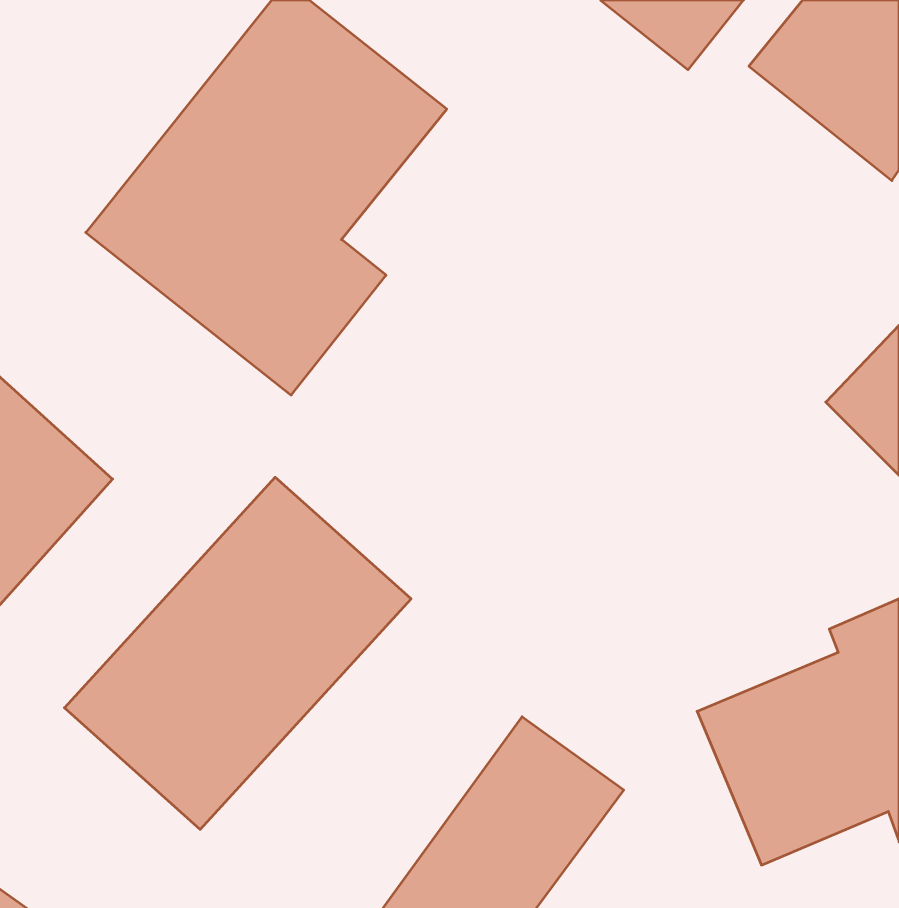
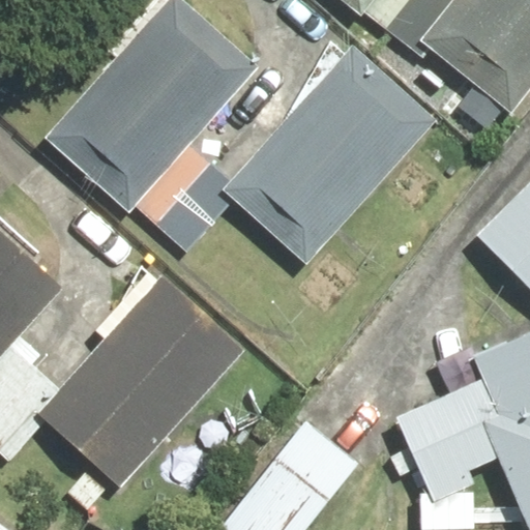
building: none -> [228,47,434,259]

